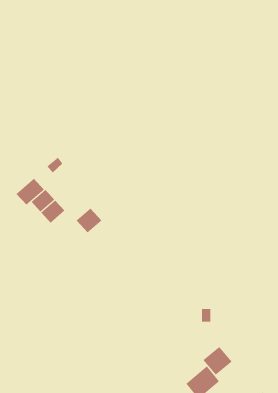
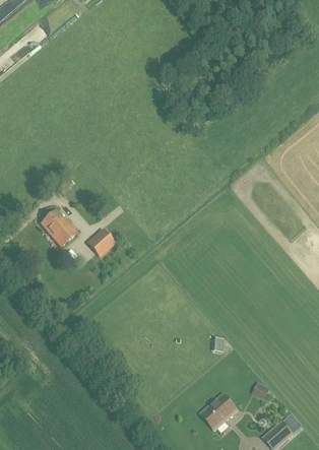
building: [16,178,45,206] -> none
building: [202,346,233,375] -> none

